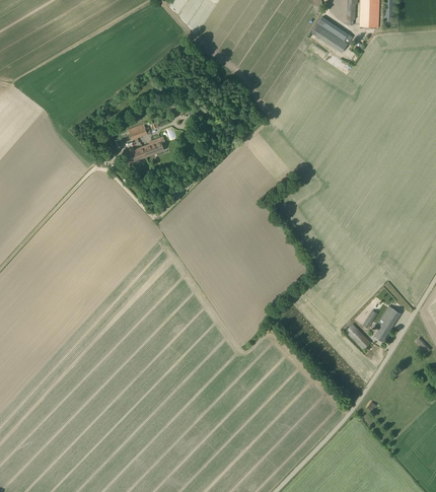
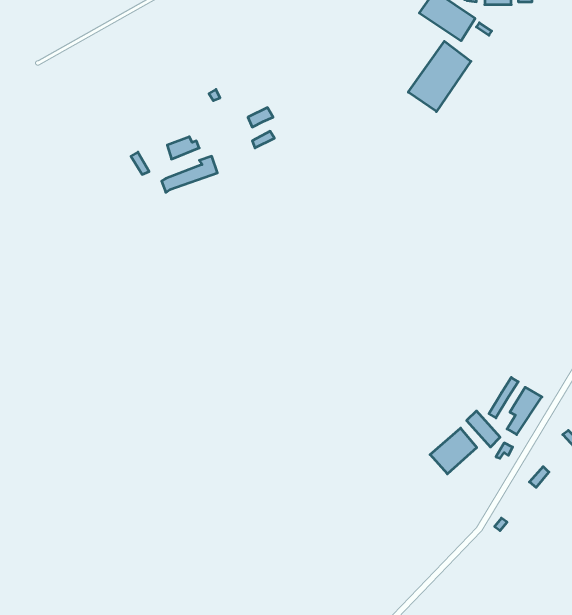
building: none -> [408,41,471,112]
building: none -> [430,428,477,474]

